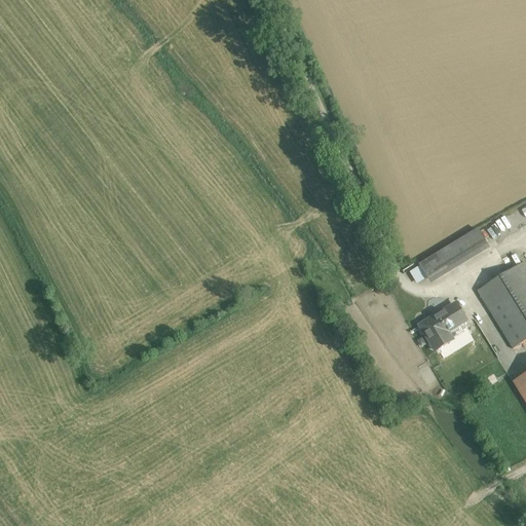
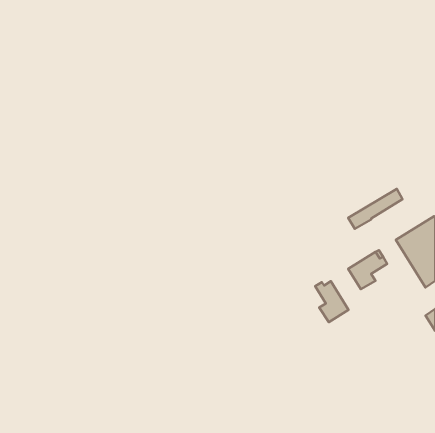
building: none -> [315,281,349,322]

